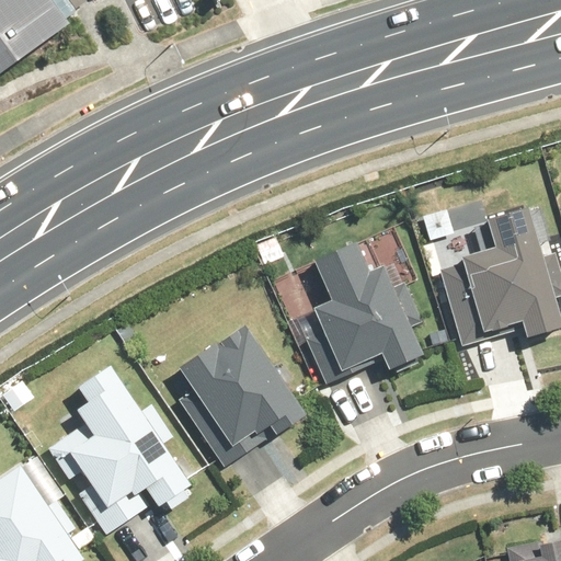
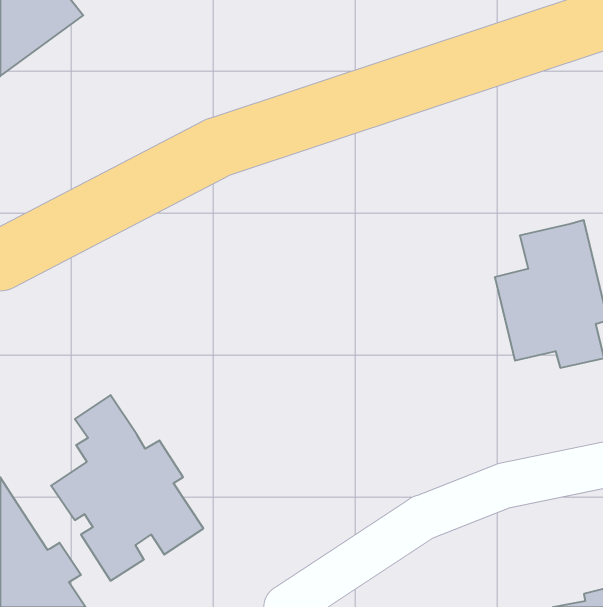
building: [310,244,422,373] -> none
building: [174,324,302,465] -> none

